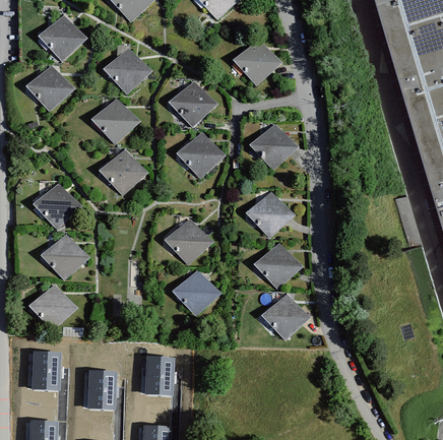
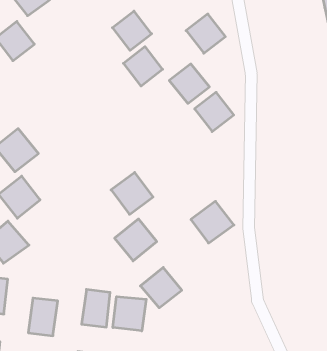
building: [105,49,148,92] -> [112,11,152,50]
building: [92,99,136,142] -> none
building: [178,133,223,177] -> [169,64,209,103]
building: [101,150,147,197] -> none
building: [249,193,295,239] -> none
building: [264,296,310,340] -> [140,267,182,308]
building: none -> [113,297,146,331]

